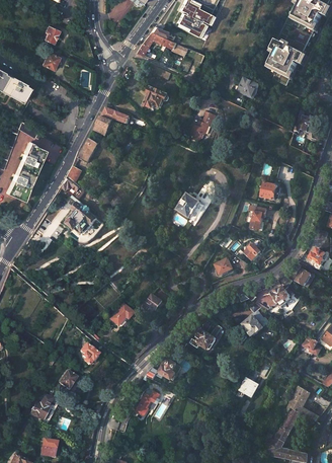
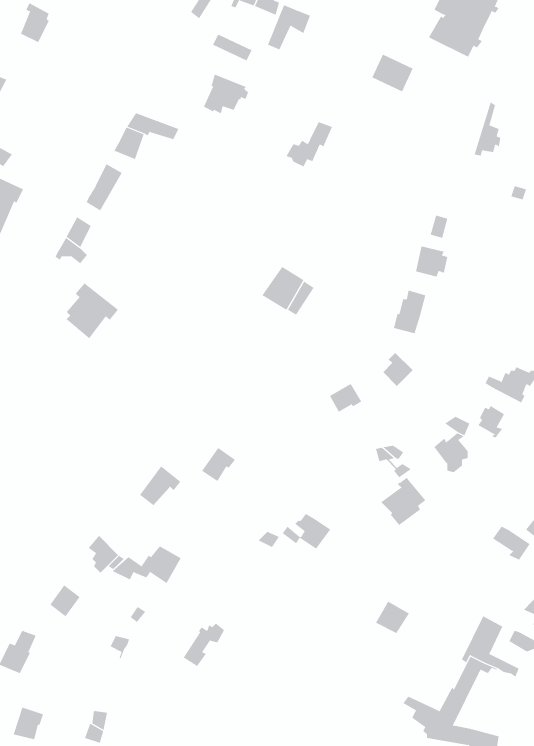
building: [144,360,182,381] -> [112,545,181,584]

